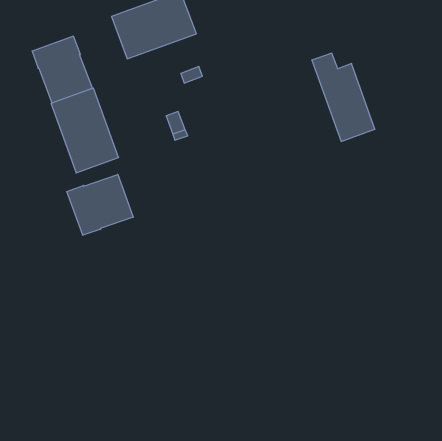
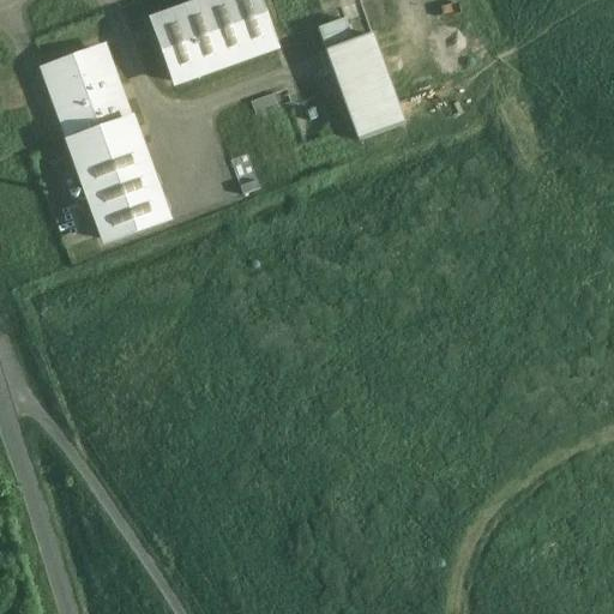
building: [312,53,375,141] -> [318,18,405,140]
building: [67,174,133,235] -> none

